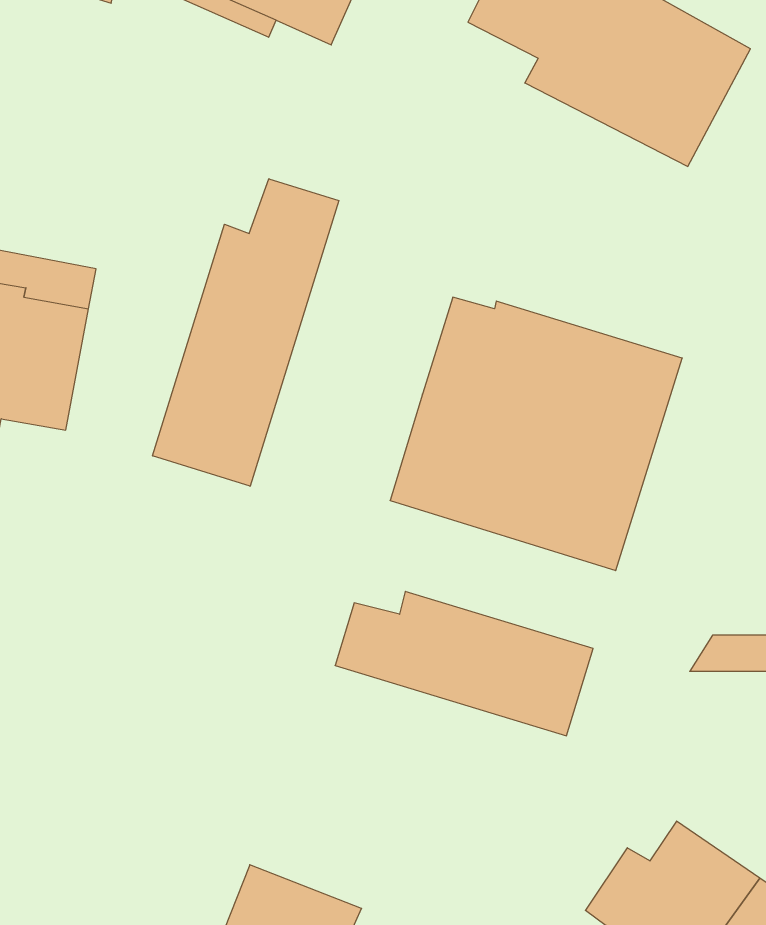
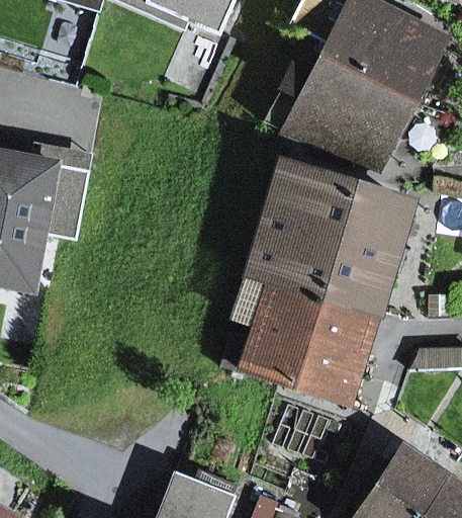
building: none -> [267,48,411,167]
building: [153,179,339,486] -> none
building: none -> [248,279,373,358]

